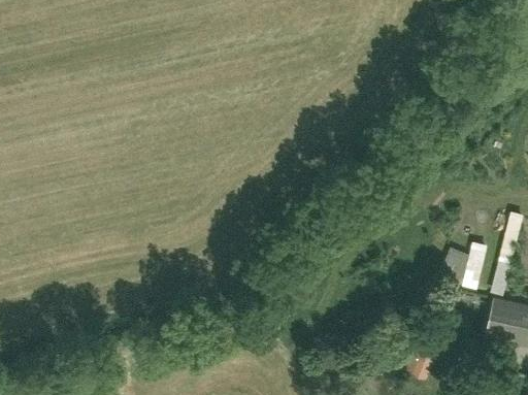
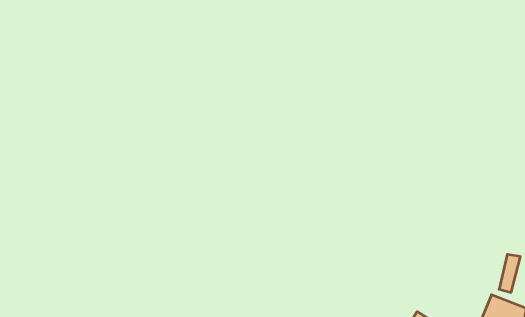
building: [448,251,478,281] -> none

